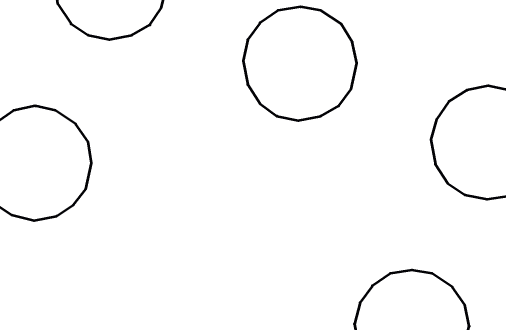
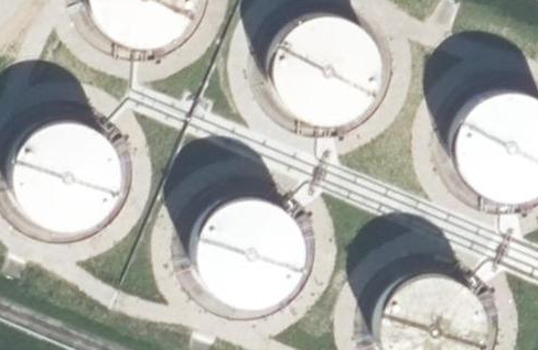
building: none -> [197,190,309,303]

